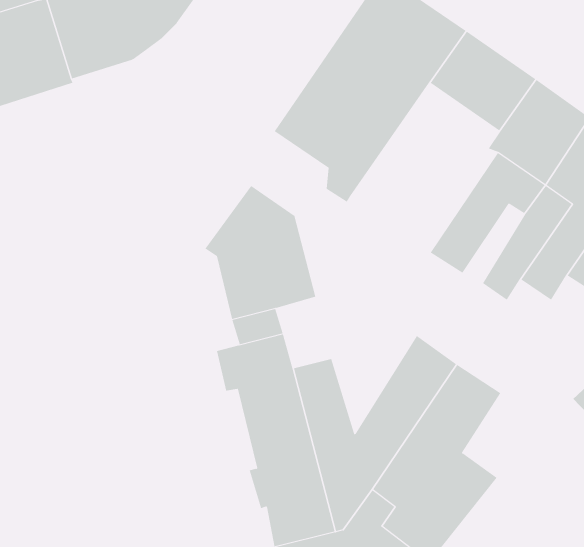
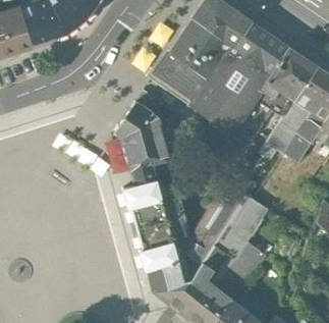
building: none -> [187,46,266,136]

